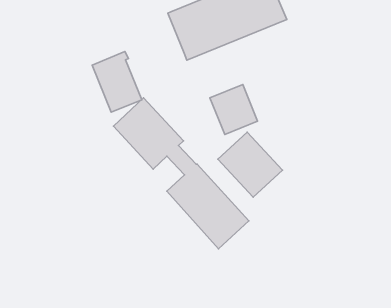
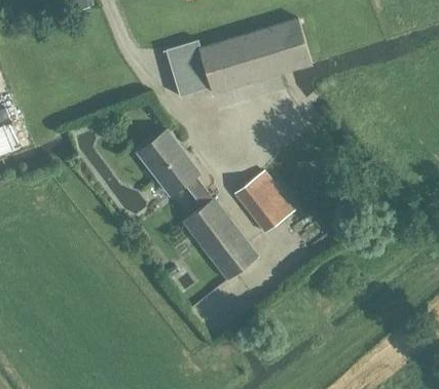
building: [92,52,142,112] -> [164,39,210,96]
building: [210,84,258,134] -> none

